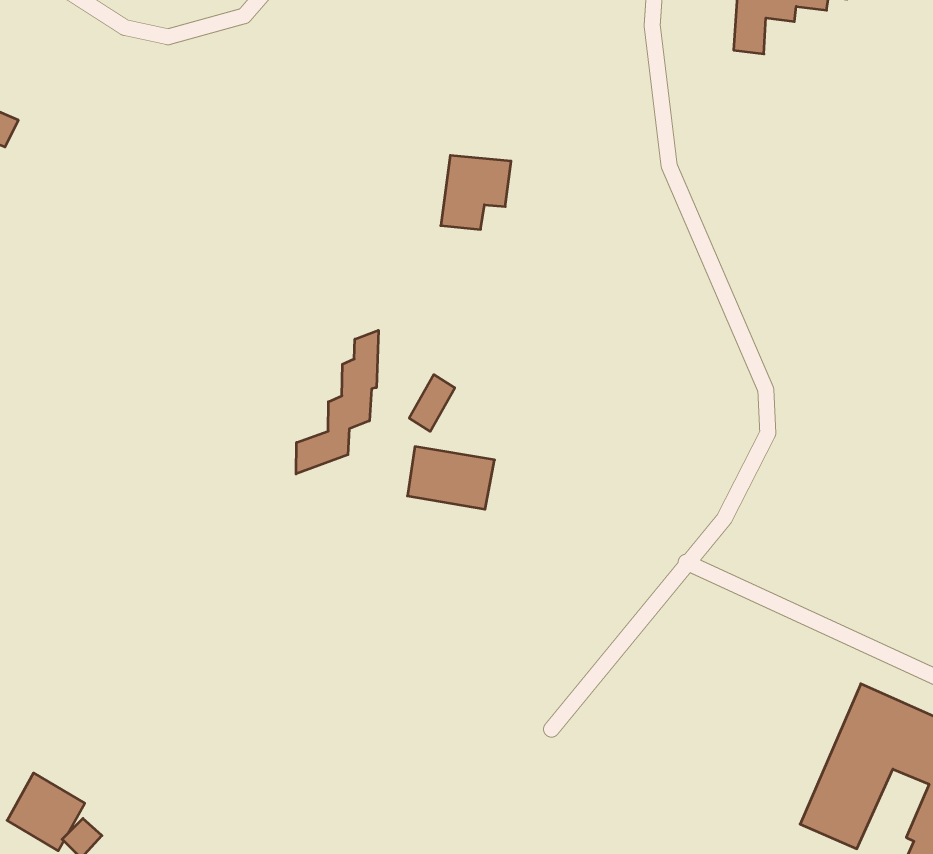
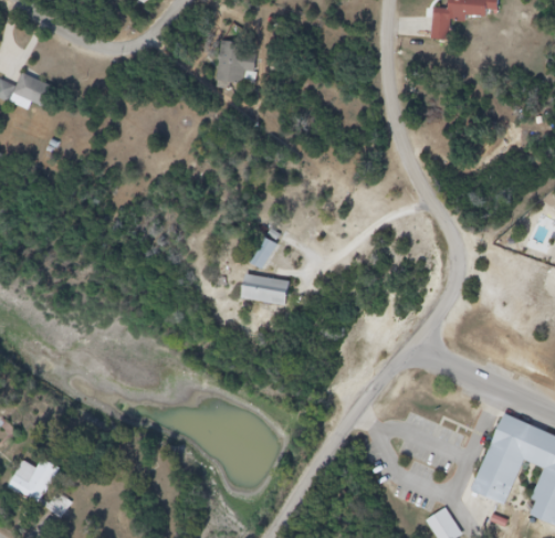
building: none -> [14,71,54,103]
building: [441,155,511,229] -> [217,40,258,83]
building: [296,330,378,474] -> none

